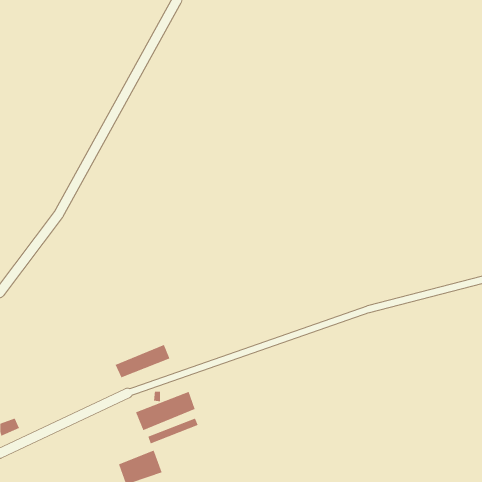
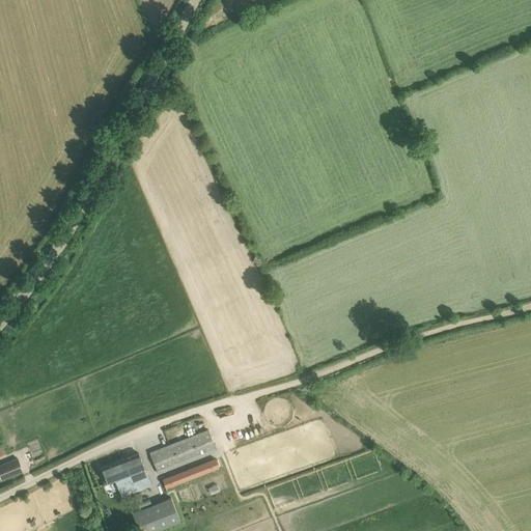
building: [115,344,170,378] -> none
building: none -> [101,454,150,497]

